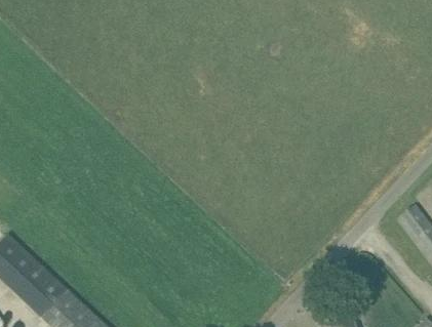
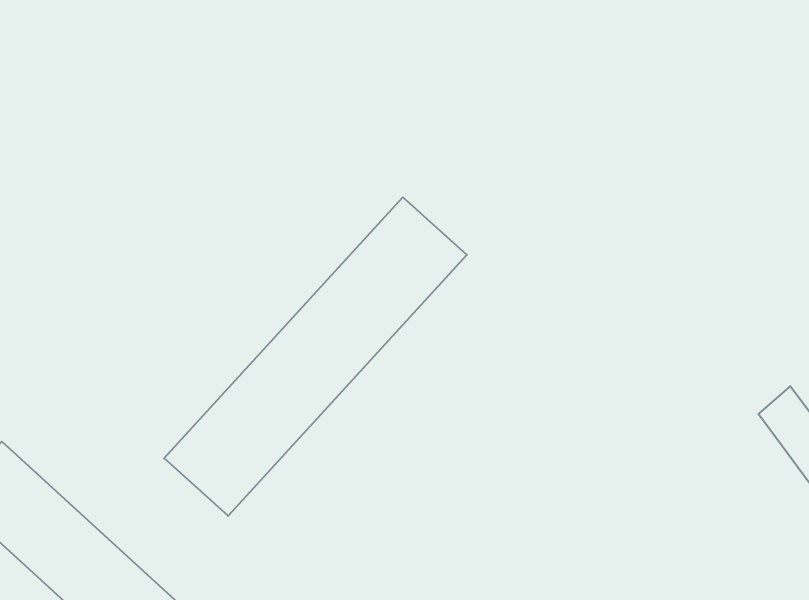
building: none -> [164,197,467,516]

